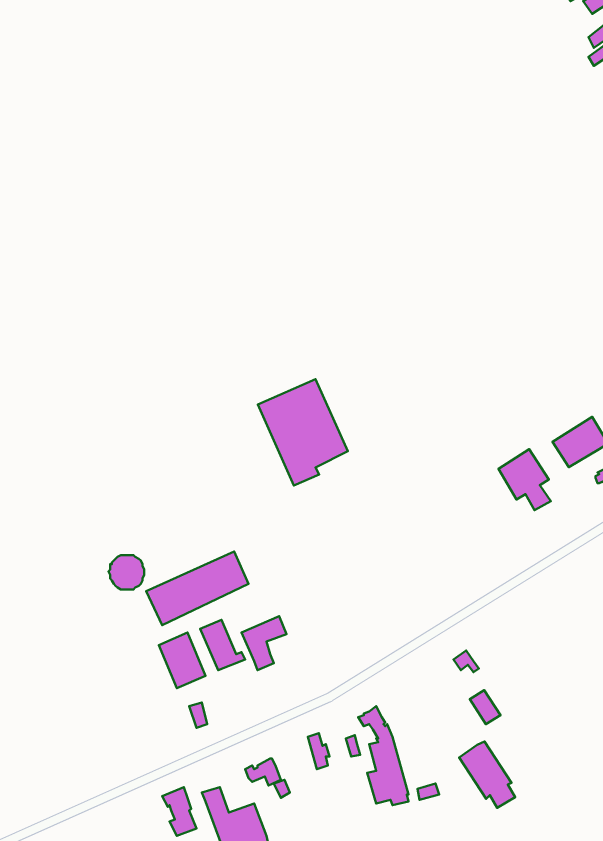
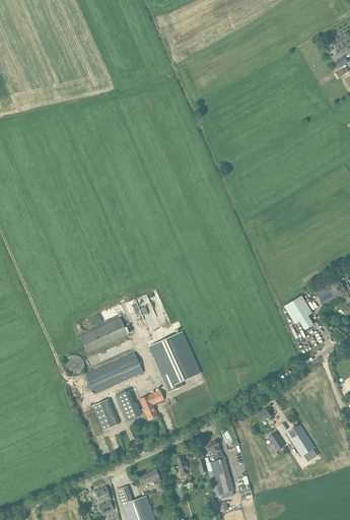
building: [258,379,348,485] -> [149,331,200,391]
building: none -> [81,317,127,352]
building: [459,741,515,808] -> [286,424,318,461]

